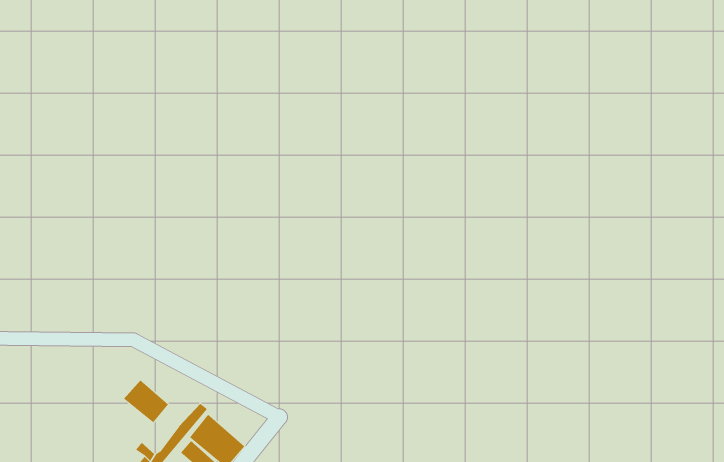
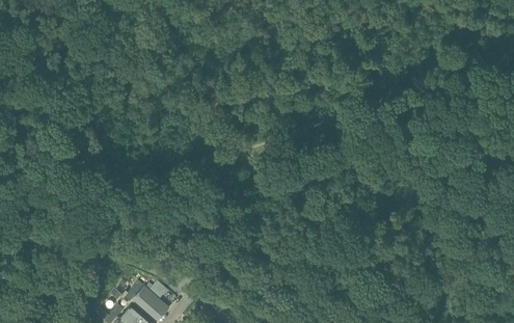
building: [123,379,169,423] -> none

